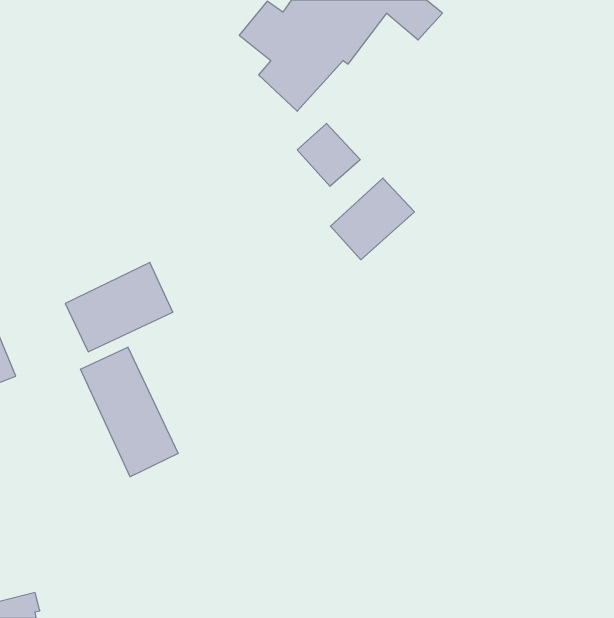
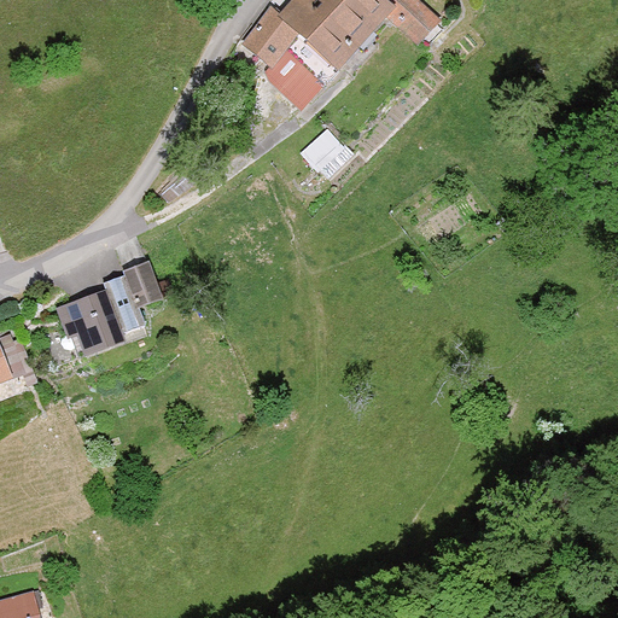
building: [330,178,414,260] -> none
building: [81,347,178,477] -> none

